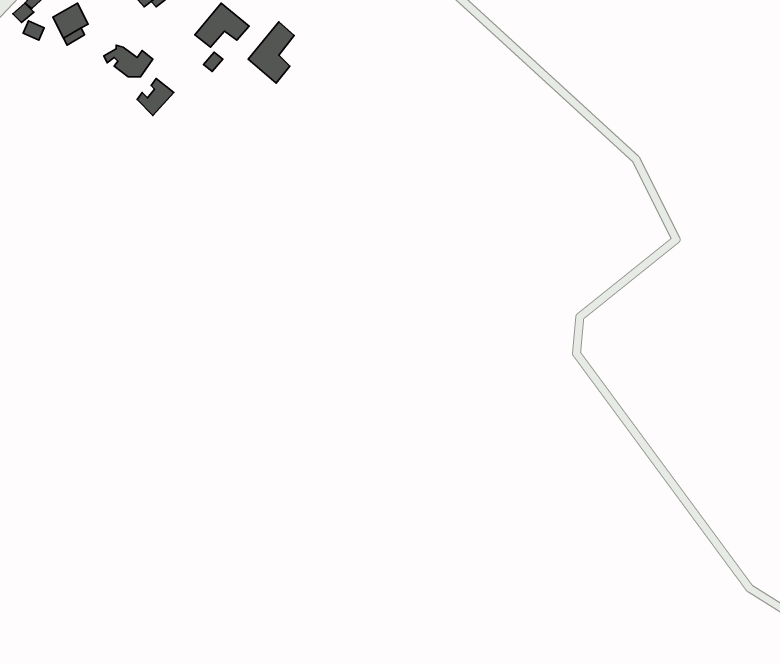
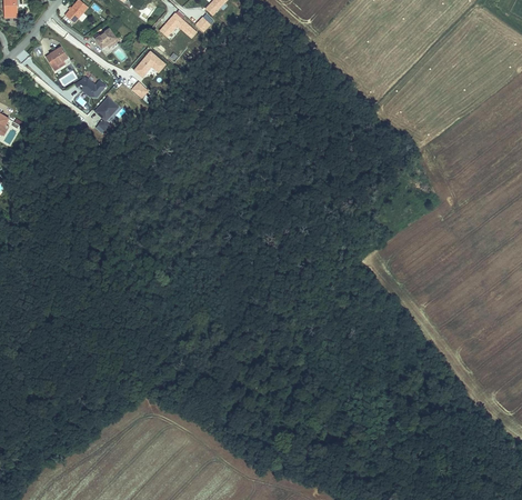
building: [248,22,294,83] -> none

